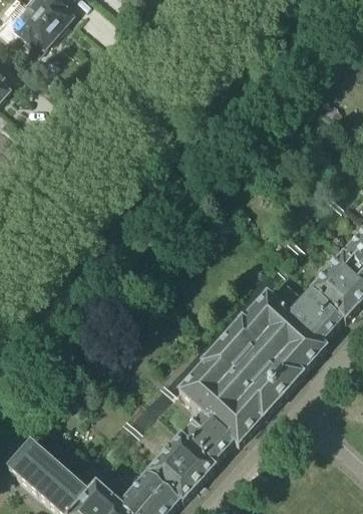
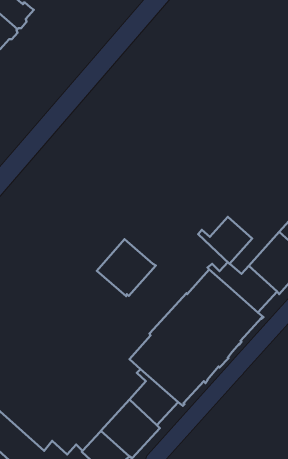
building: none -> [198,217,252,264]
building: none -> [97,239,156,296]

